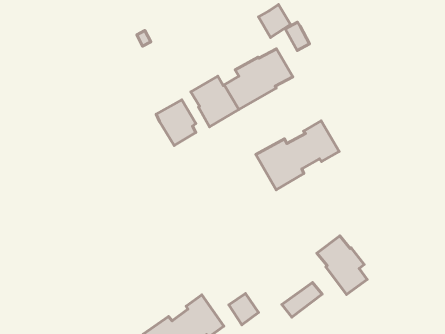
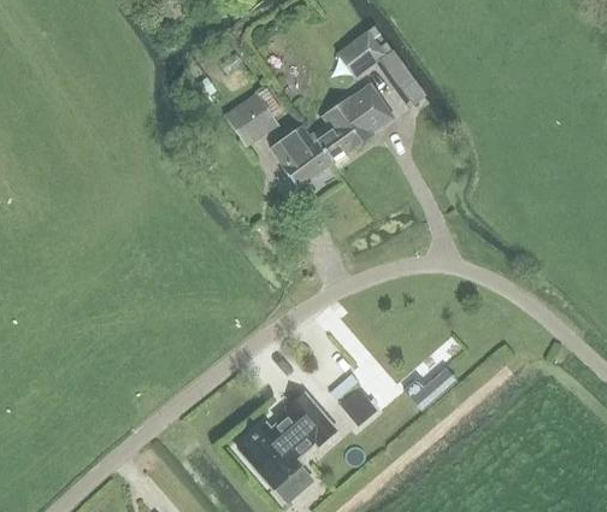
building: [156,100,196,145] -> [226,92,277,148]
building: [256,121,339,190] -> none
building: [317,236,367,295] -> none

